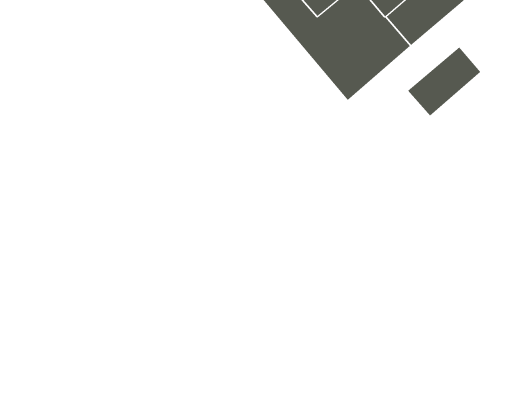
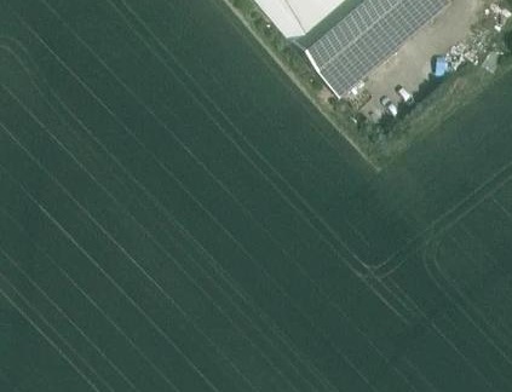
building: [407,46,481,116] -> none

